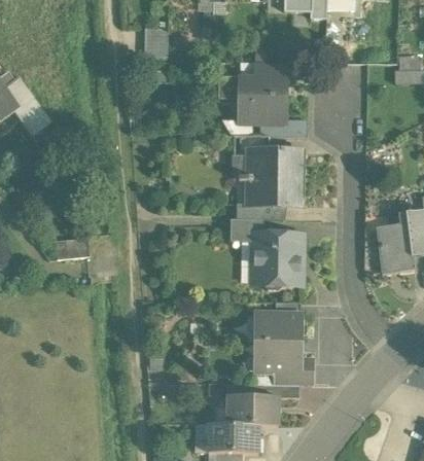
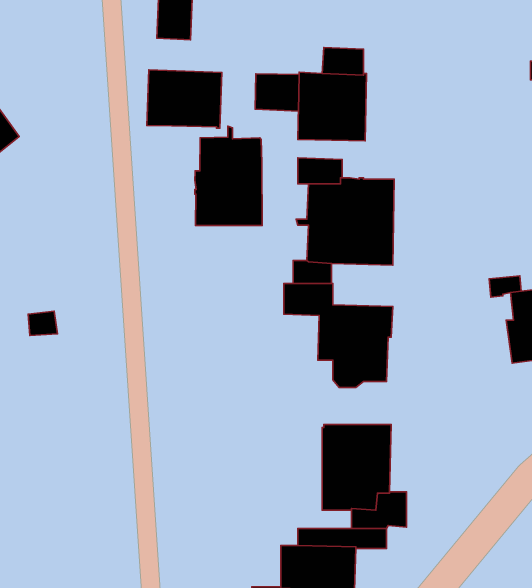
building: none -> [147,70,222,128]
building: none -> [255,74,299,111]
building: none -> [195,126,262,225]

